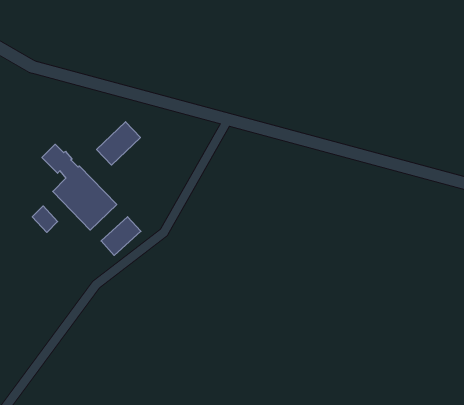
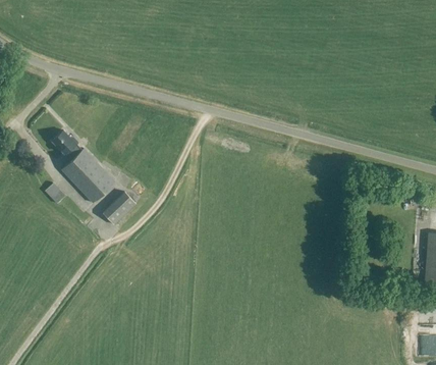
building: [97,122,140,165] -> none

